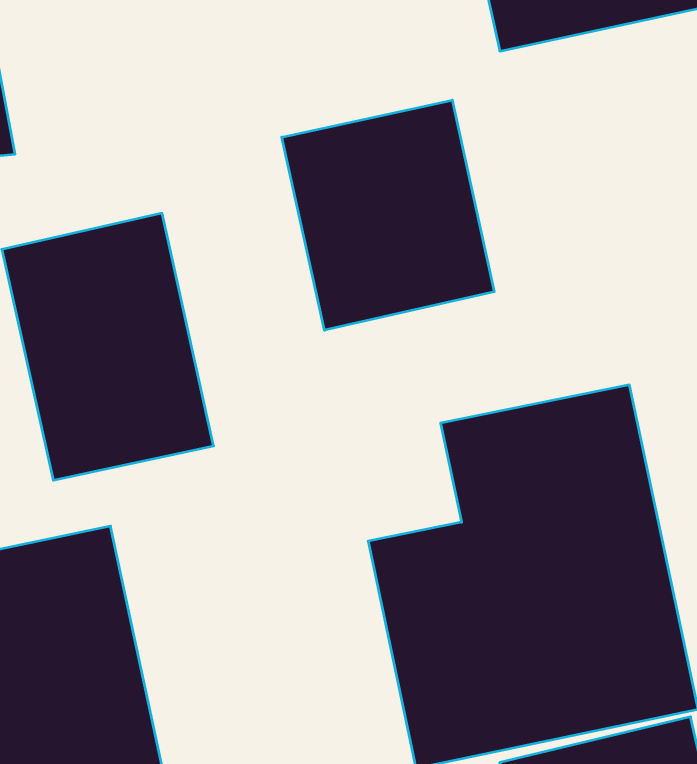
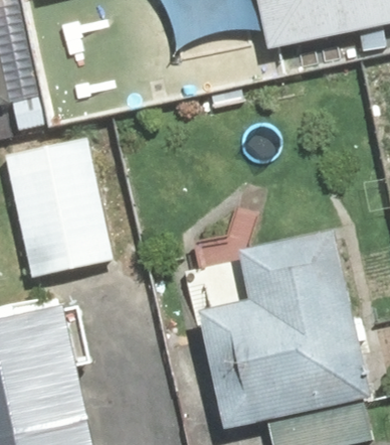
building: [282,100,494,330] -> none

